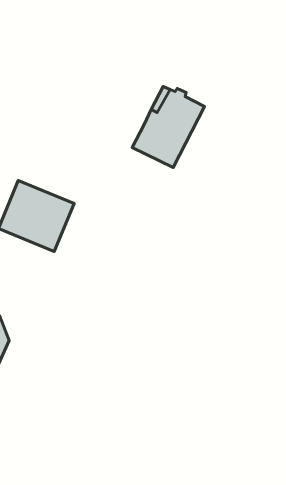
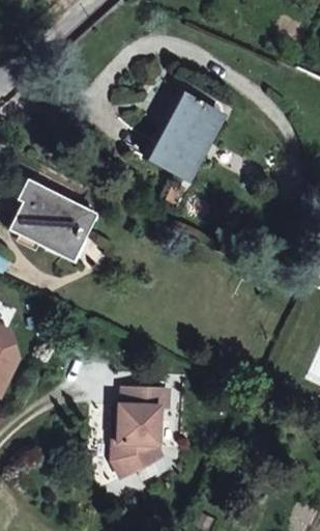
building: none -> [112,385,171,476]

